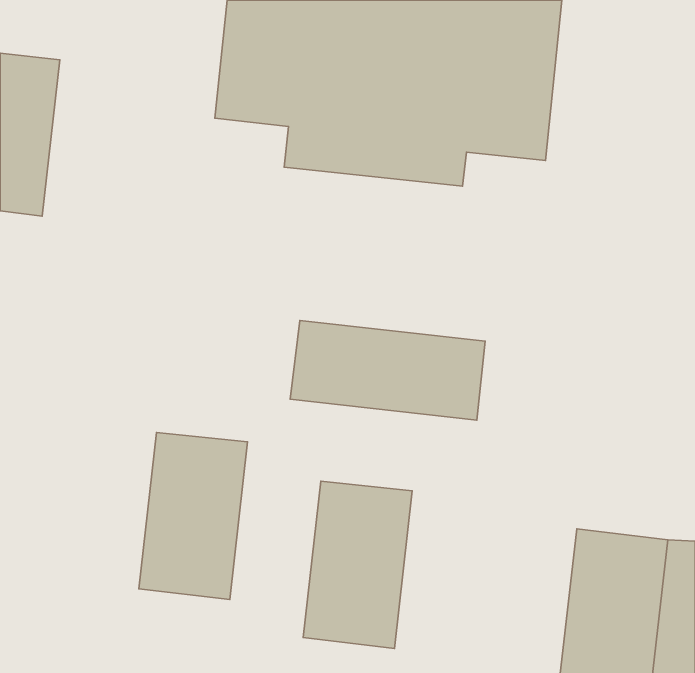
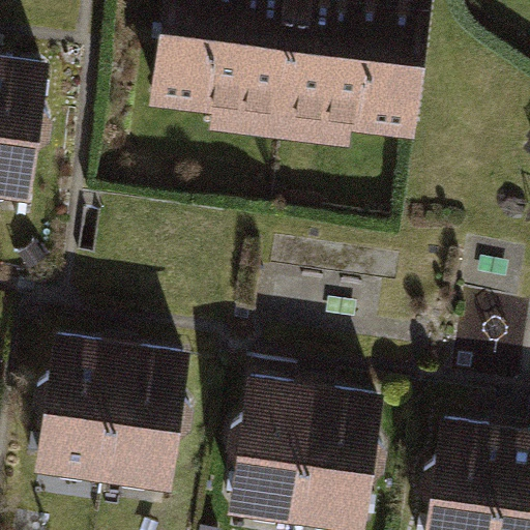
building: [290,320,485,420] -> none
building: none -> [36,337,119,465]
building: none -> [300,390,383,518]

